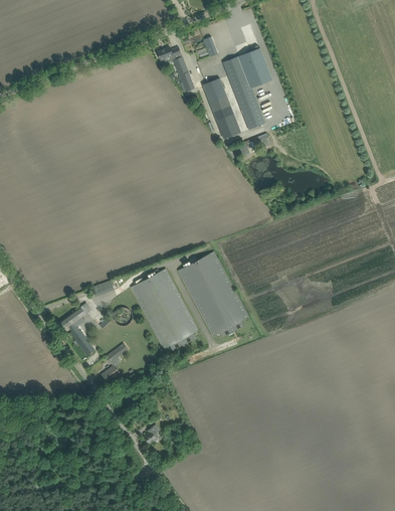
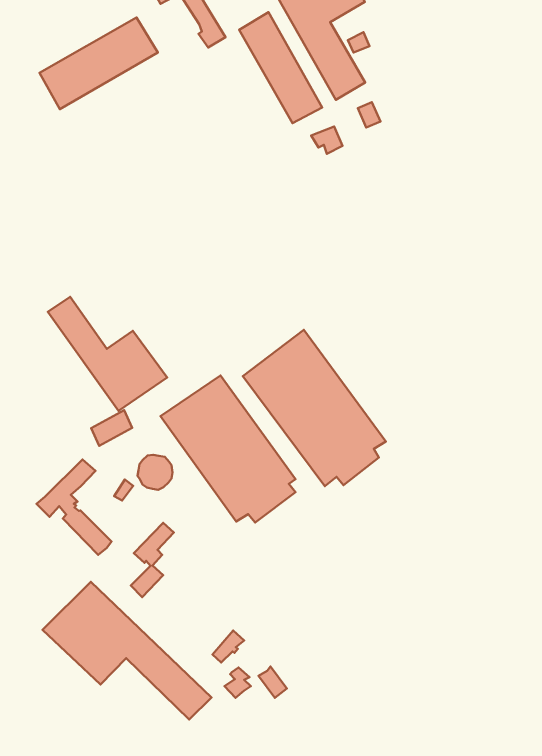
building: none -> [40,17,158,109]
building: none -> [48,297,167,411]
building: none -> [43,582,211,719]

